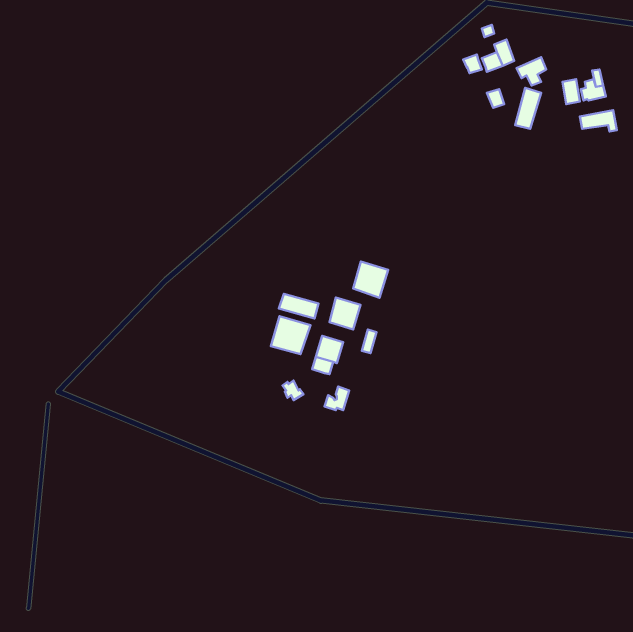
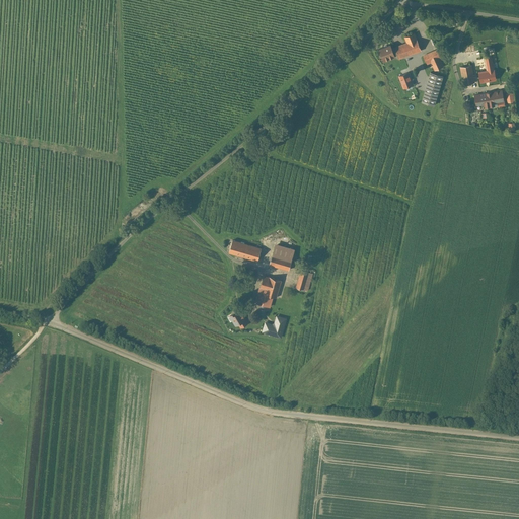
building: [353,262,388,298] -> none
building: [271,316,311,354] -> none

